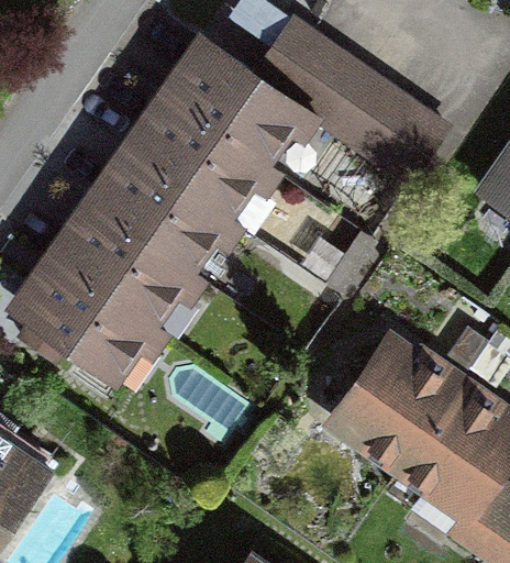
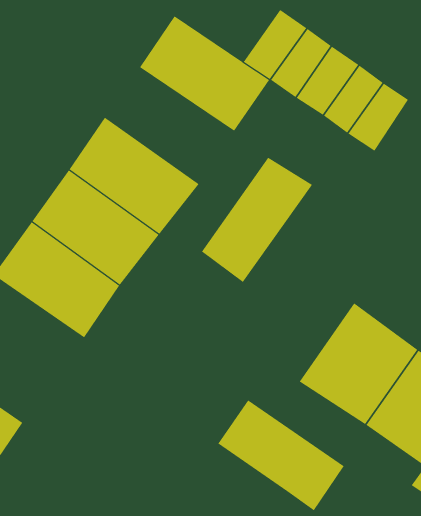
building: [130,93,265,216] -> none
building: none -> [201,157,313,283]
building: none -> [217,400,344,511]

